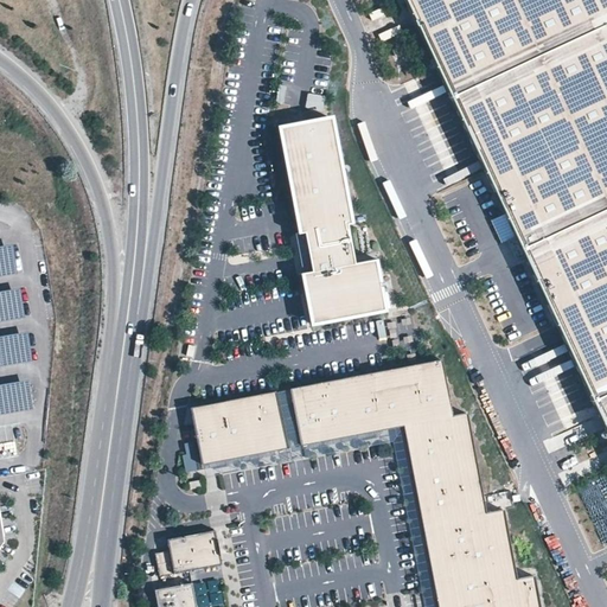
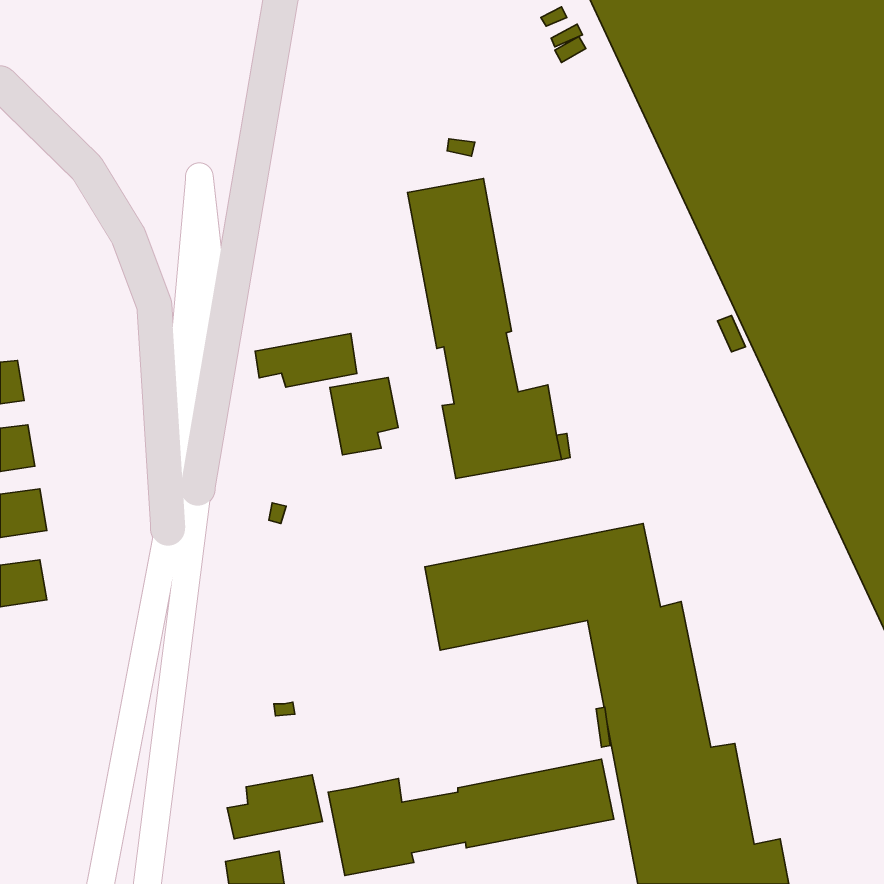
building: none -> [255,333,357,387]
building: none -> [330,378,398,455]
building: [192,390,287,464] -> none
building: none -> [328,759,614,876]

